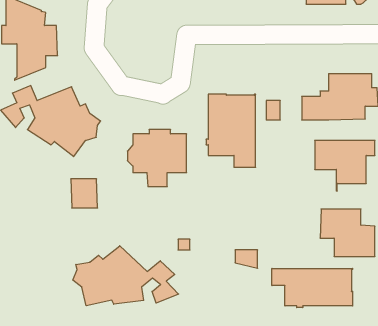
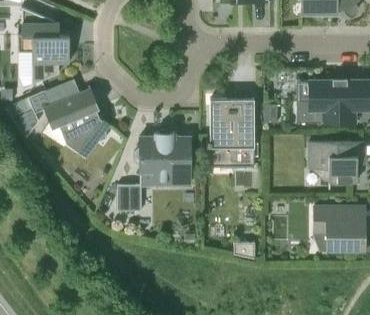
building: [71,179,98,208] -> [117,184,142,211]
building: [73,246,179,306] -> none
building: [272,268,353,308] -> none

